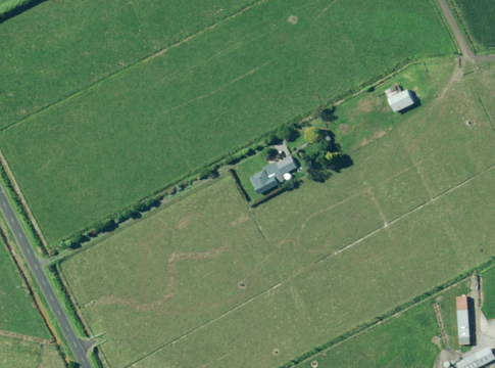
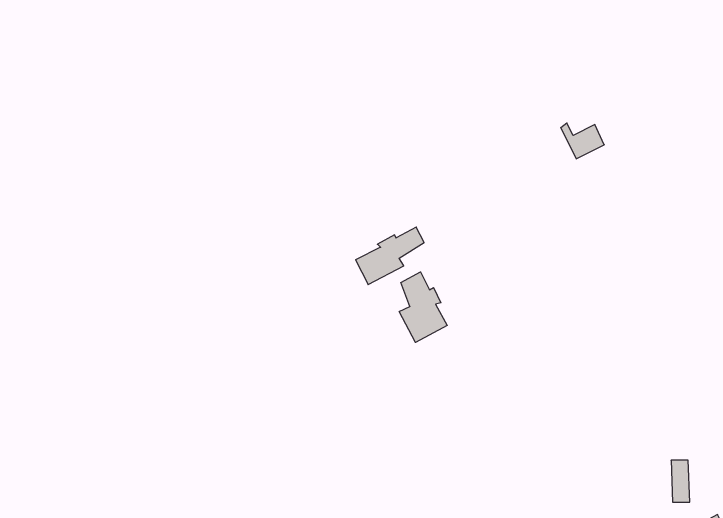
building: none -> [399,272,447,342]

